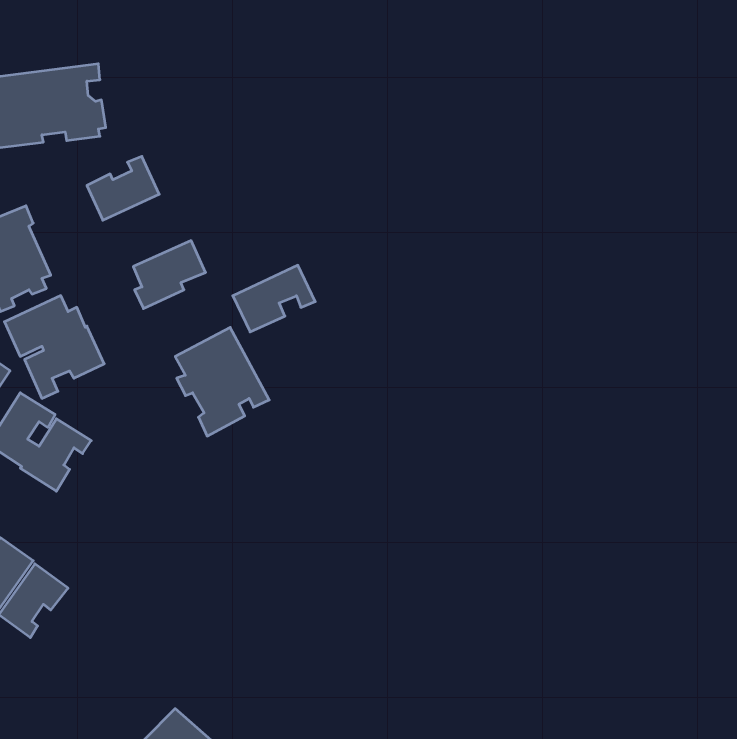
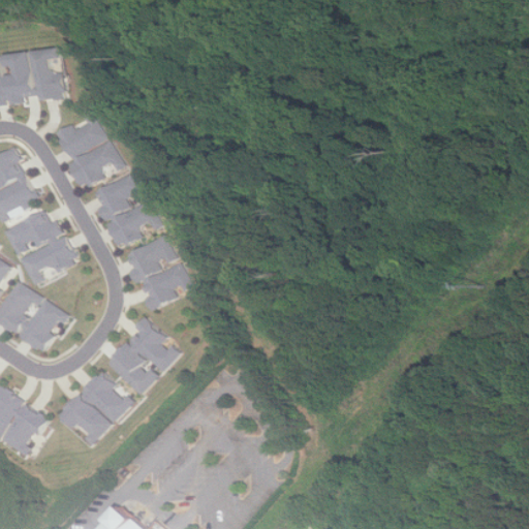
building: none -> [69,141,128,189]
building: [233,265,315,332] -> [104,200,163,248]
building: none -> [103,317,177,395]
building: none -> [57,371,131,442]

